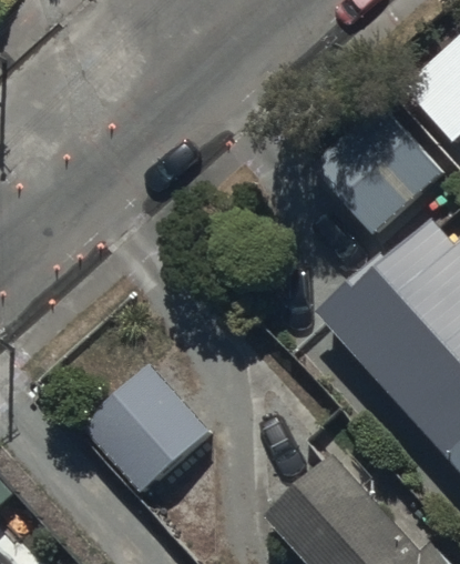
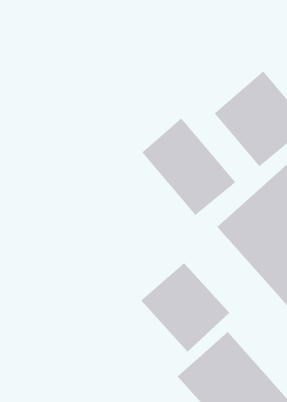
building: none -> [141,118,236,216]
building: [89,365,209,486] -> [140,262,230,353]

